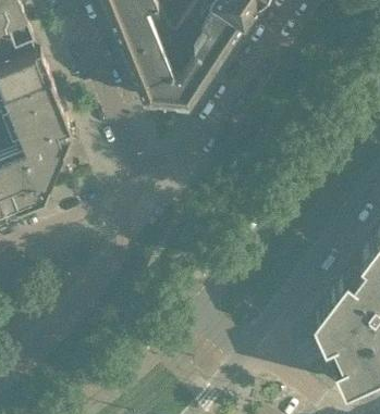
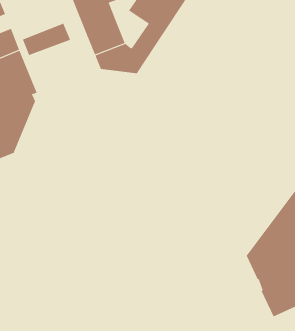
building: none -> [22,23,71,56]

